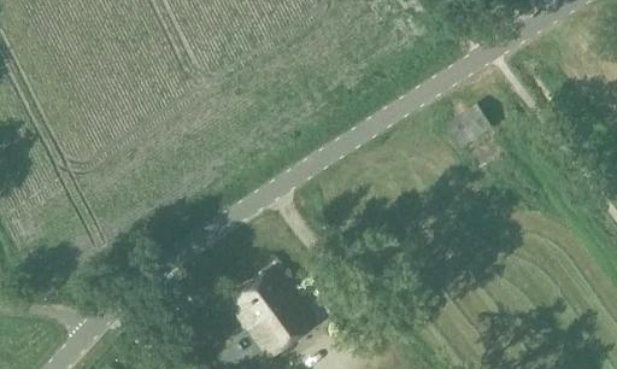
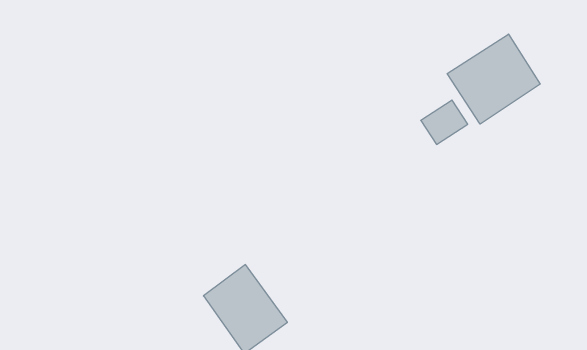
building: none -> [447,34,540,124]

